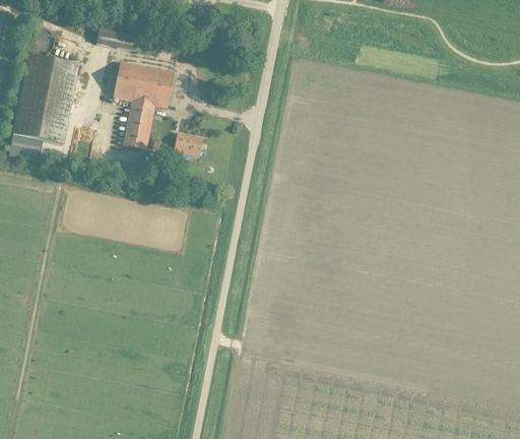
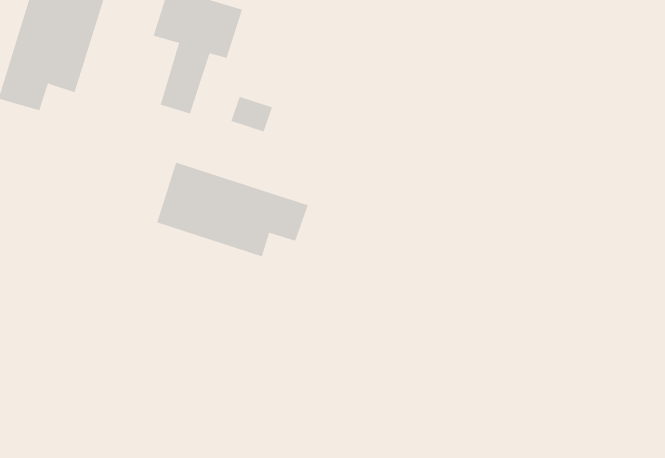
building: none -> [157,162,309,257]

